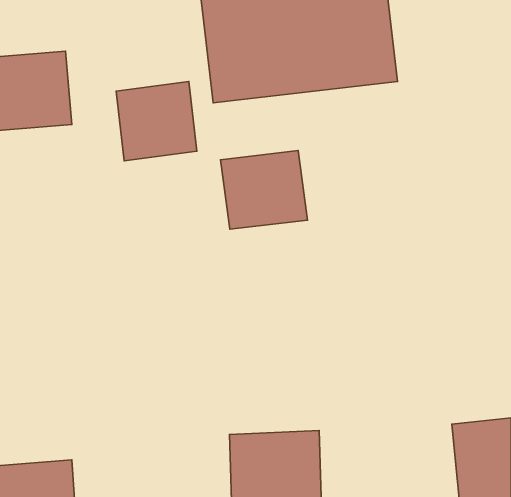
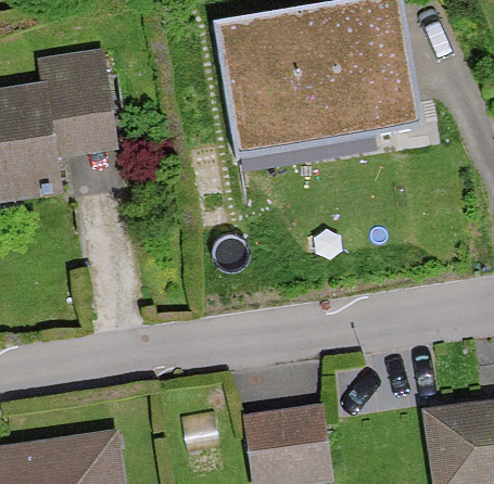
building: [116,82,197,161] -> none
building: [221,151,307,229] -> none

